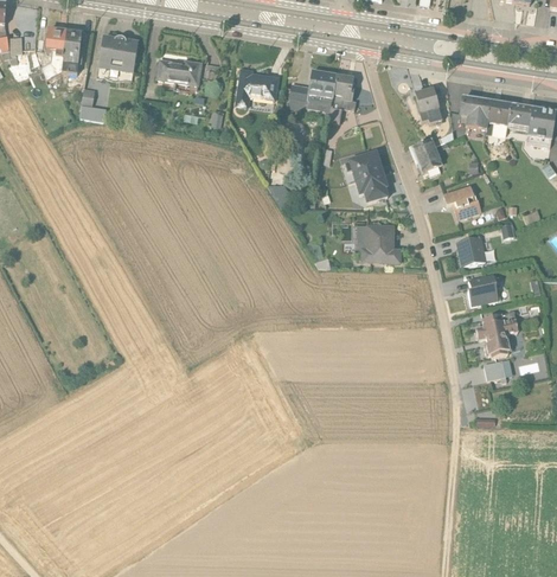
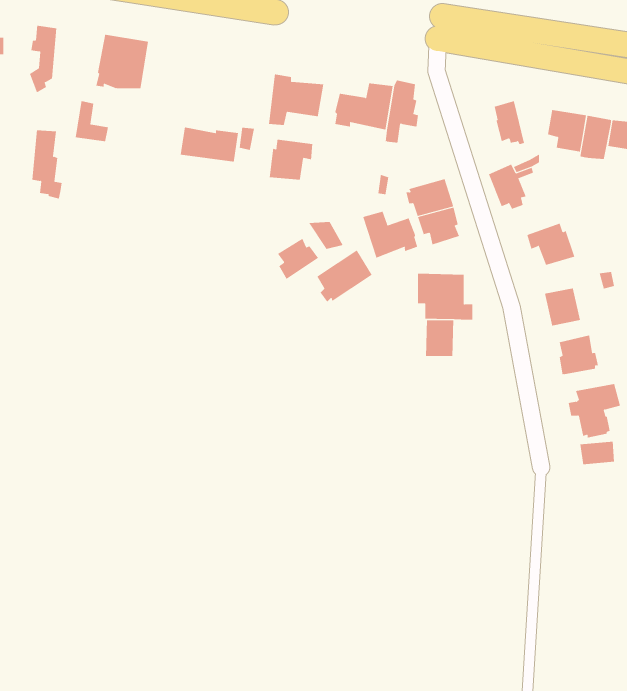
building: [62,28,87,84] -> [32,130,63,199]
building: [155,56,203,84] -> [180,127,239,162]
building: none -> [269,139,313,181]
building: none -> [363,211,418,259]
building: none -> [277,238,319,280]
building: none -> [317,249,372,303]
building: none -> [425,320,454,357]

